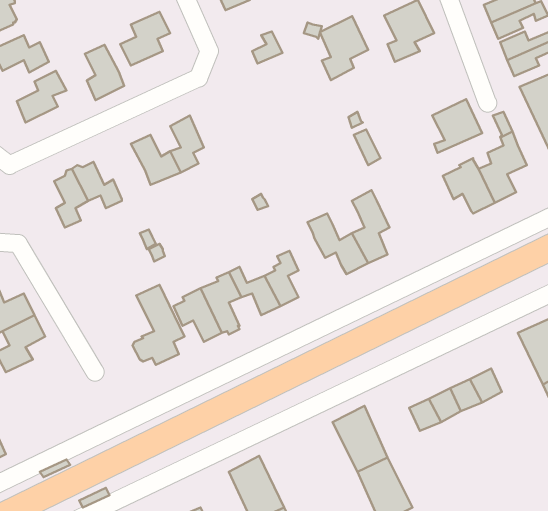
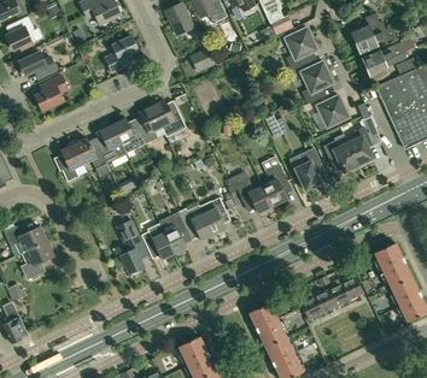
building: [320,16,368,80] -> [300,61,333,105]
building: [85,45,124,100] -> [99,125,125,163]
building: none -> [152,100,186,136]
building: none -> [289,148,321,191]

